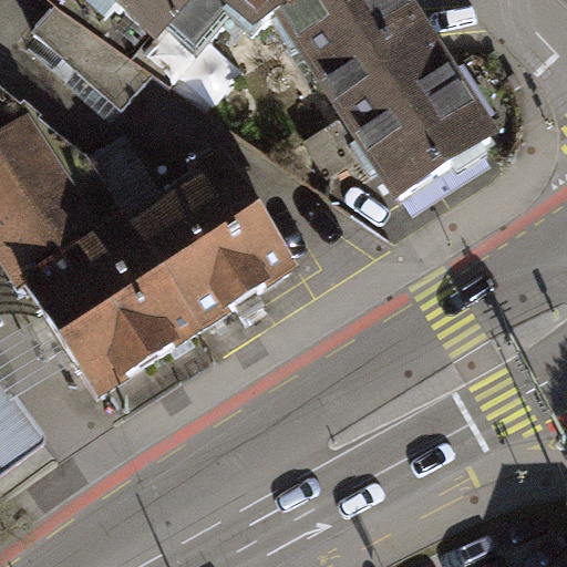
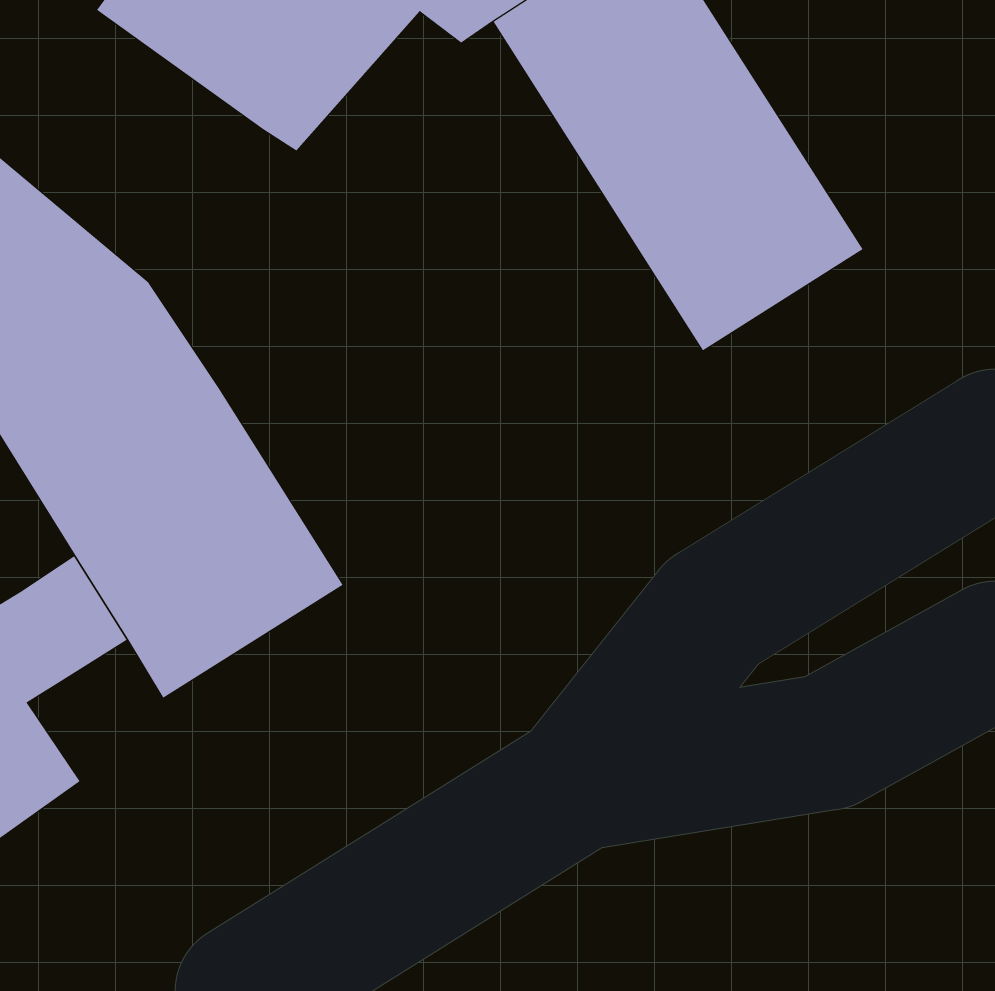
building: [32,6,148,109] -> none
building: [124,158,289,330] -> none

